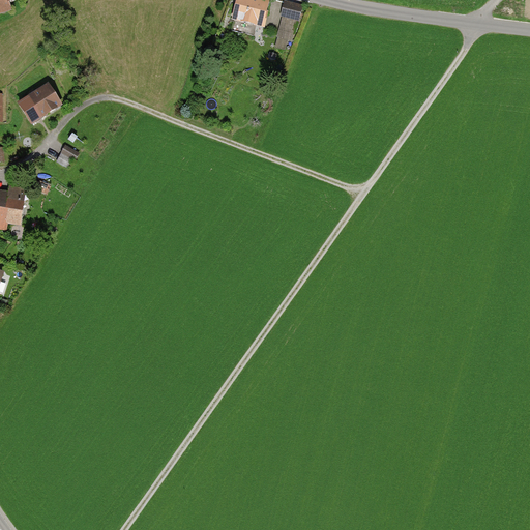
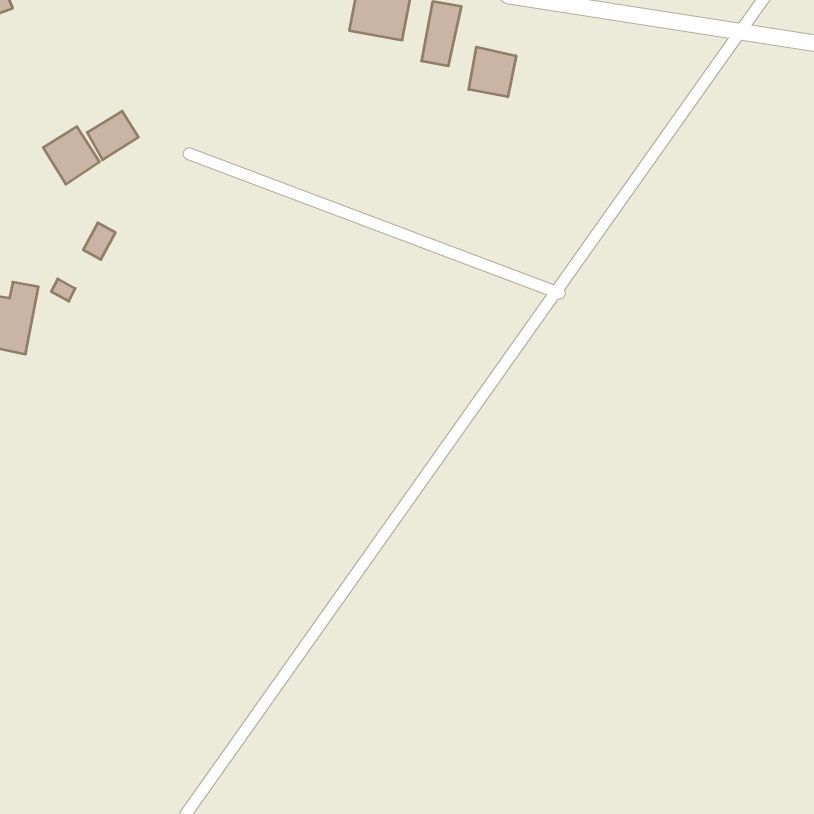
building: none -> [469,47,516,97]
building: none -> [87,111,138,160]

